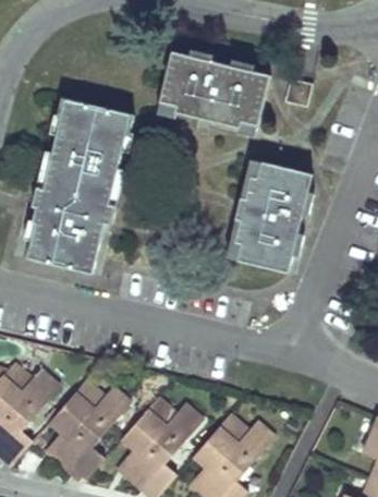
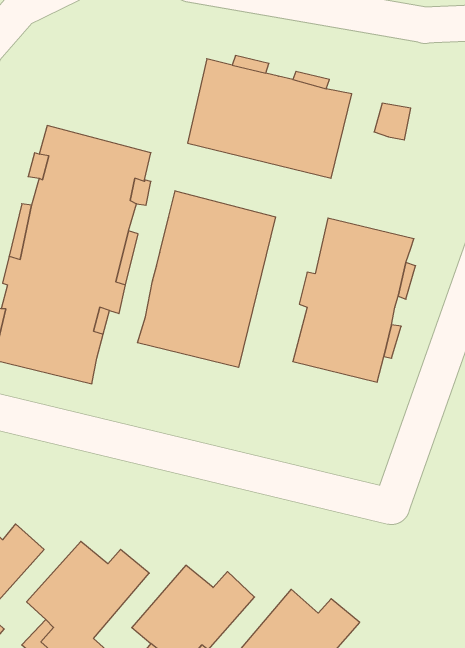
building: none -> [137,191,275,367]

